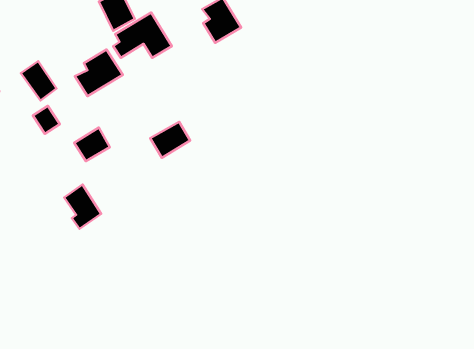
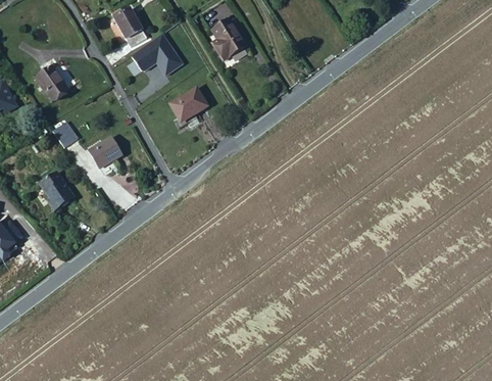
building: [75,49,123,96] -> none
building: [150,122,190,158] -> [169,89,207,123]
building: [64,184,101,229] -> [40,166,75,208]

